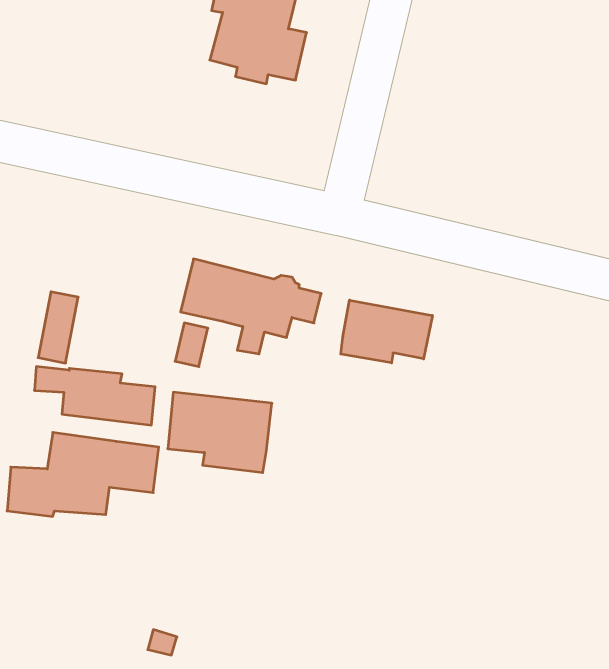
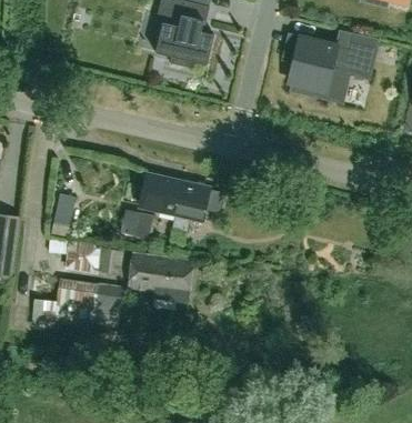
building: none -> [285,32,376,101]
building: [341,300,432,363] -> none

